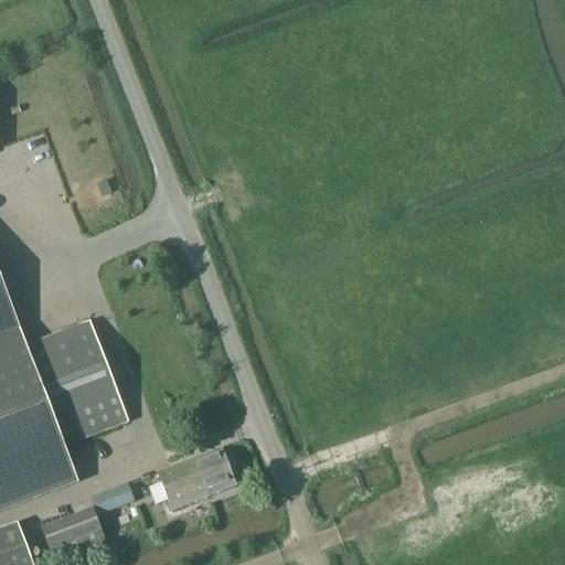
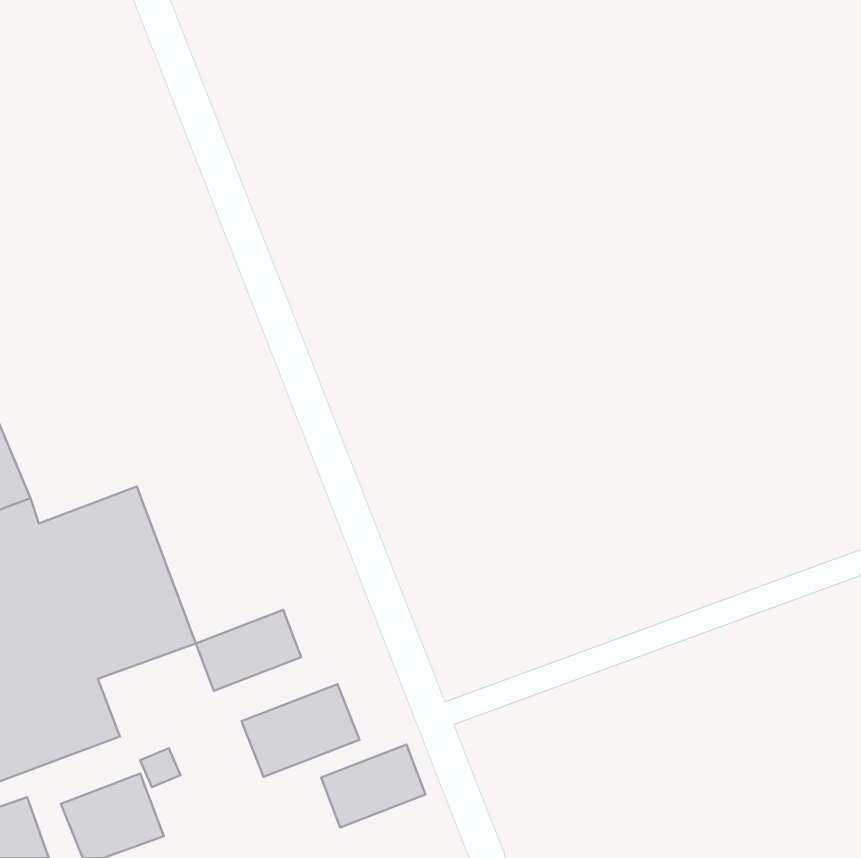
building: none -> [196,610,301,691]
building: none -> [321,744,426,828]

